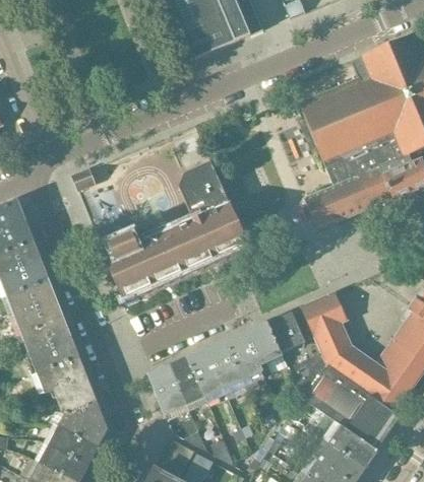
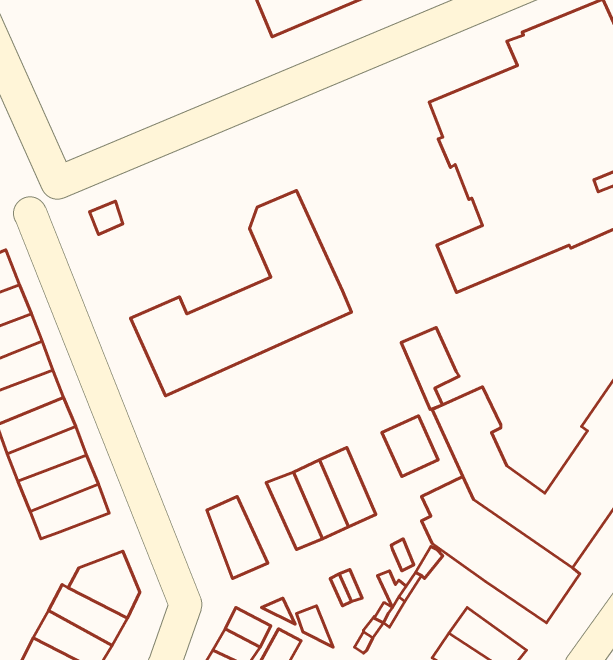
building: [245,322,284,376] -> [401,327,459,410]
building: [172,355,211,409] -> none
building: [52,375,96,412] -> none
building: [325,421,378,467] -> none

